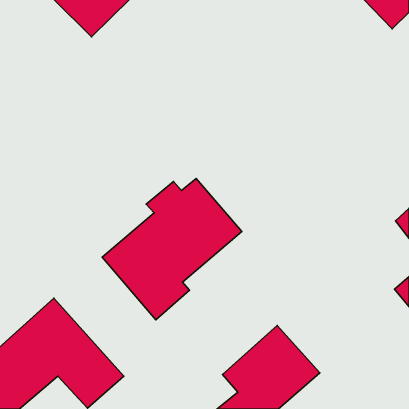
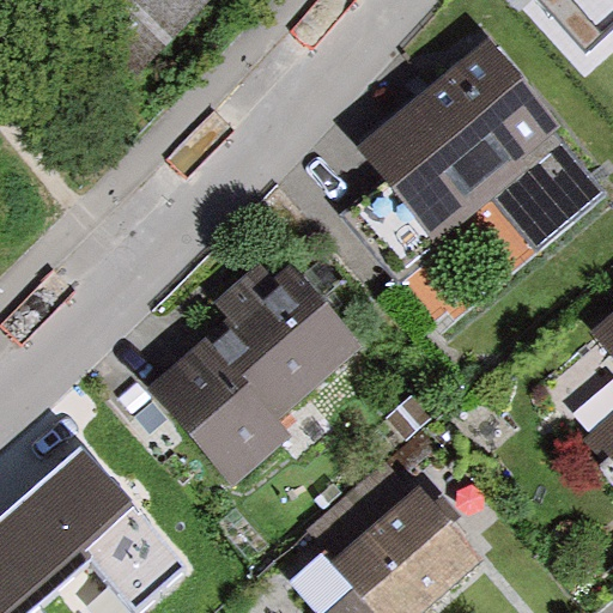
building: none -> [360,45,602,245]

